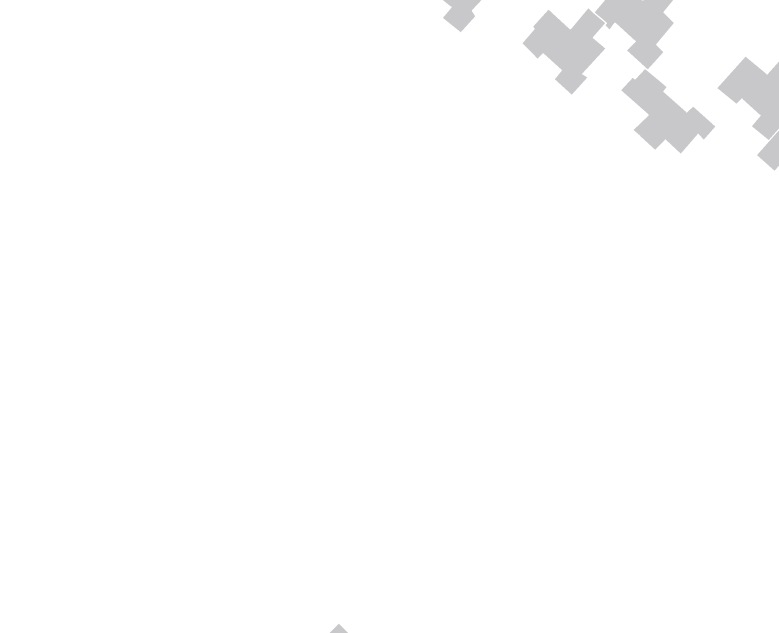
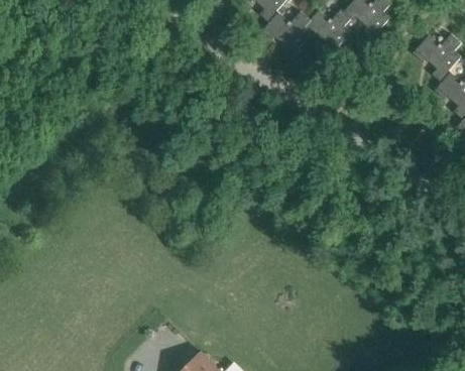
building: none -> [260,10,310,59]
building: [620,68,716,154] -> none

